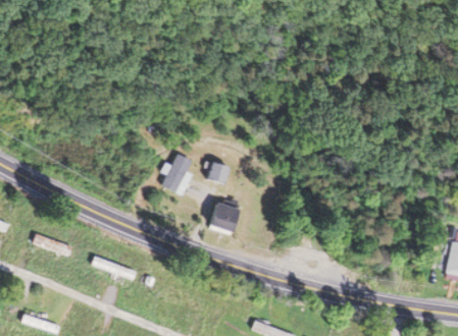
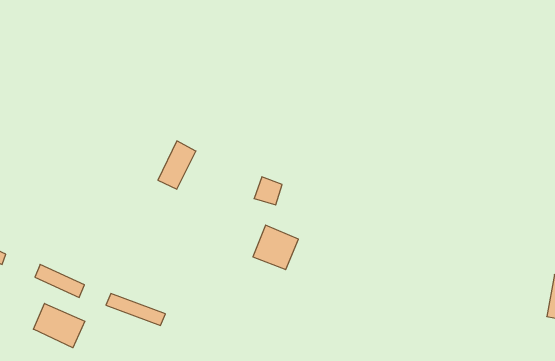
building: [162,154,193,192] -> [158,141,196,189]
building: none -> [33,303,85,348]

